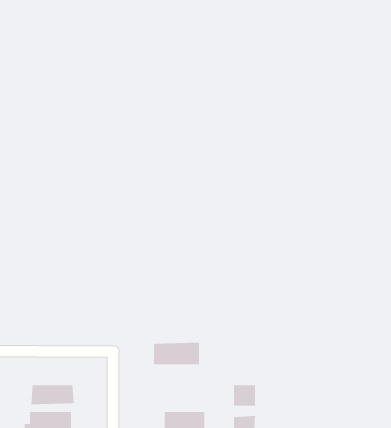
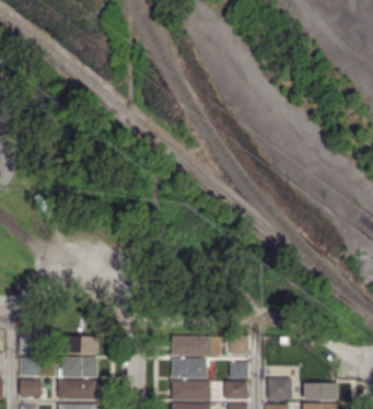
building: [153,342,200,365] -> [172,336,210,354]

